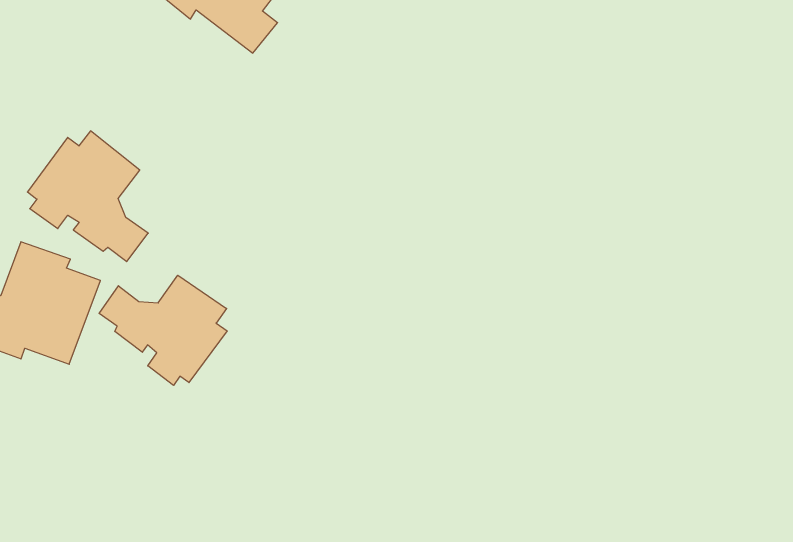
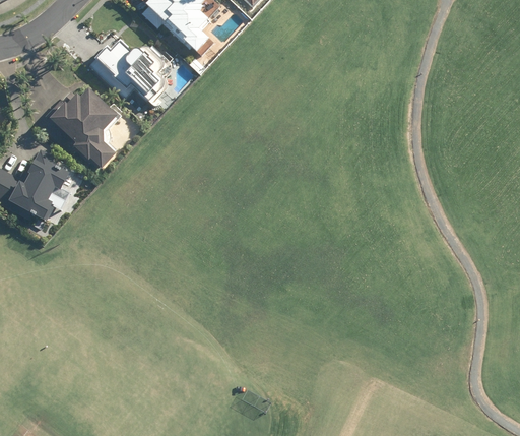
building: none -> [90,36,176,105]
building: [99,275,227,385] -> none

